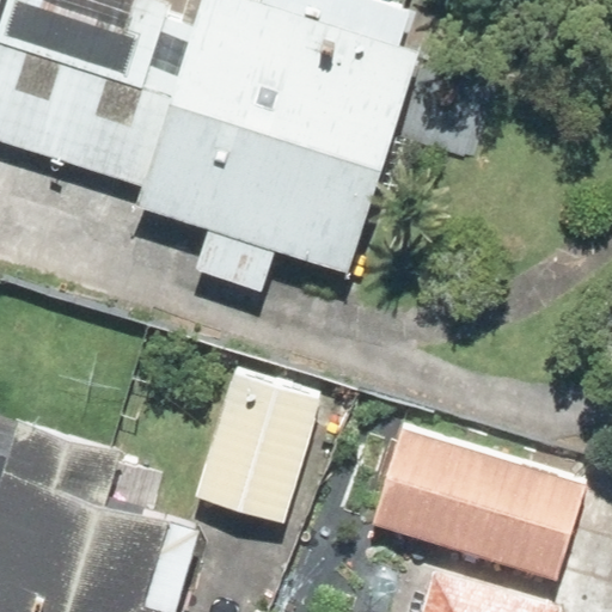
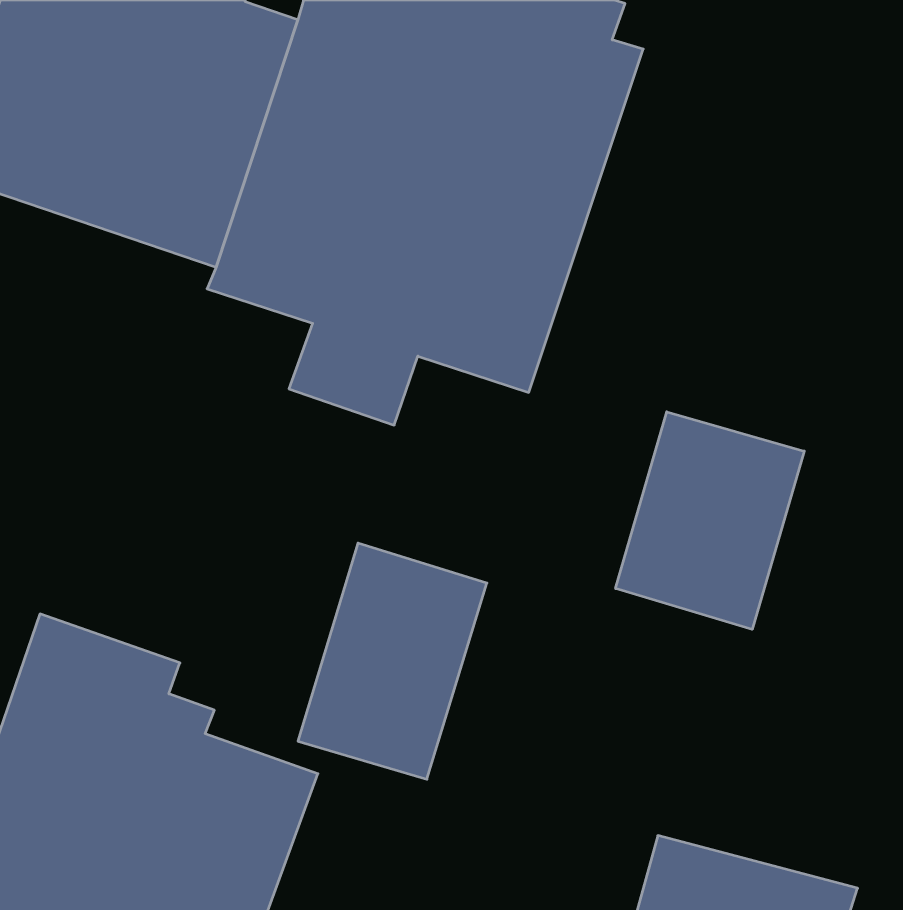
building: none -> [616,412,804,629]
building: [371,426,585,582] -> none

